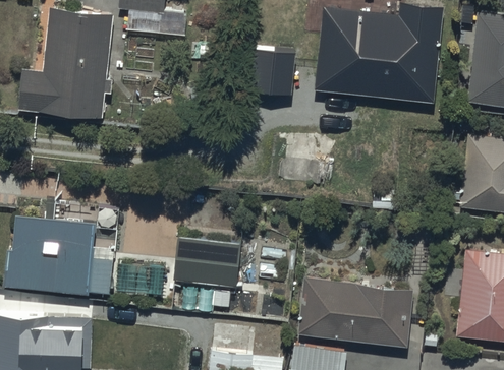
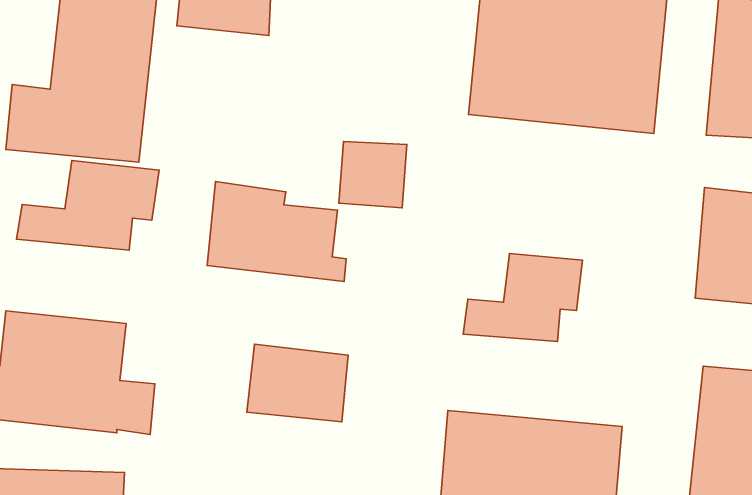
building: [249,51,293,94] -> [339,141,407,208]
building: none -> [16,160,159,250]
building: none -> [207,181,346,281]
building: none -> [463,253,582,341]

